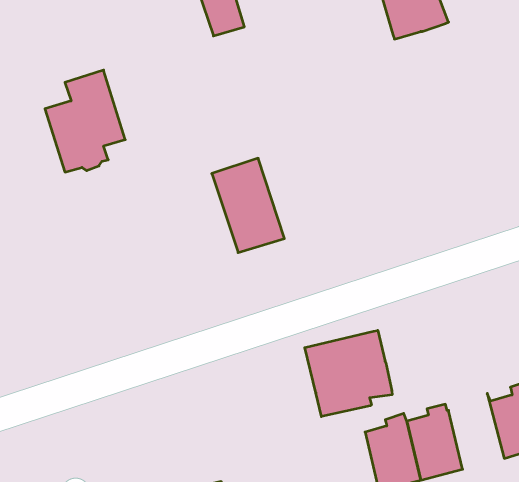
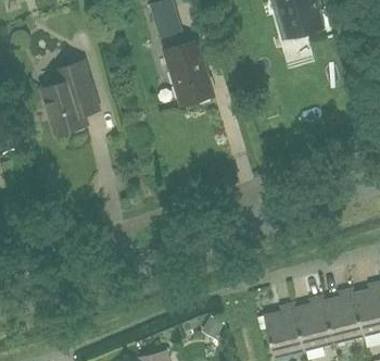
building: [212,158,284,253] -> [163,39,214,105]
building: [305,330,392,417] -> none
building: none -> [325,288,364,341]

